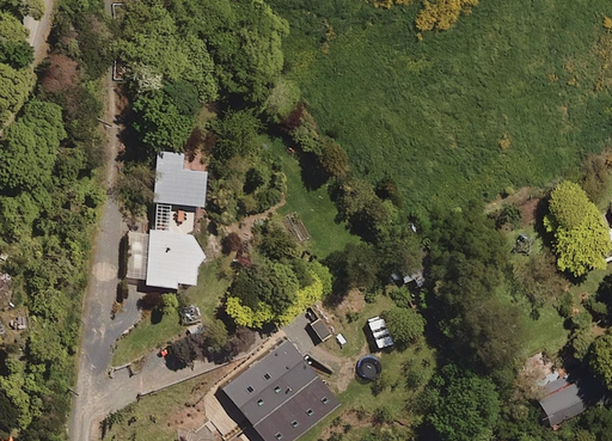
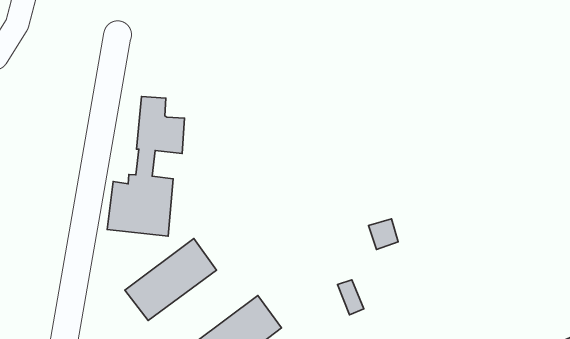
building: none -> [125,239,217,321]

